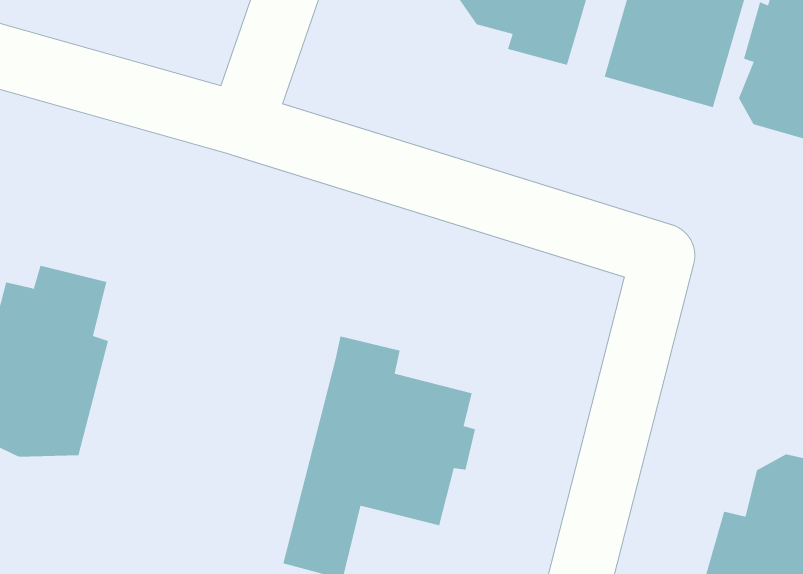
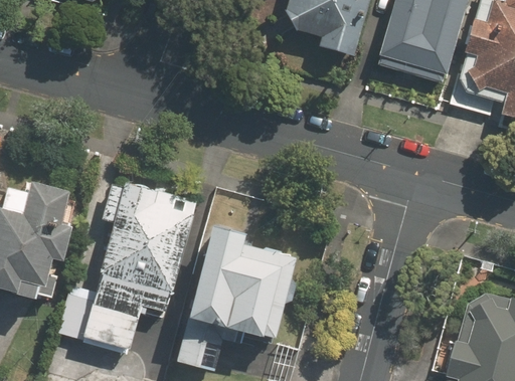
building: none -> [56,179,196,353]

